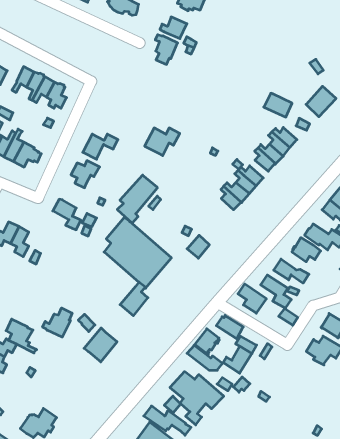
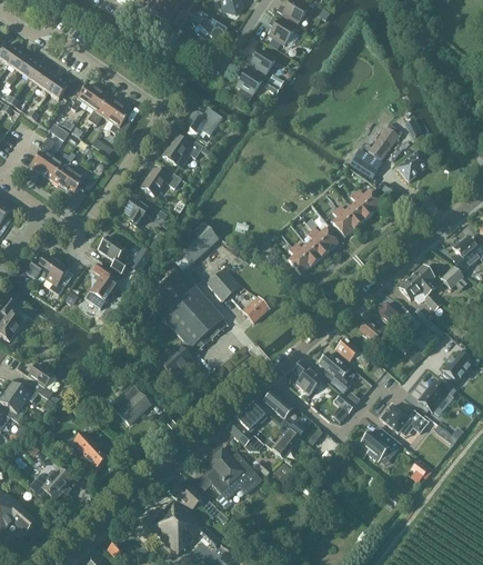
building: none -> [368,126,399,160]
building: none -> [189,107,222,135]
building: [145,128,180,156] -> [162,136,203,168]
building: none -> [207,267,239,299]
building: none -> [85,262,117,308]
building: [43,308,72,337] -> none
building: none -> [68,430,107,468]

